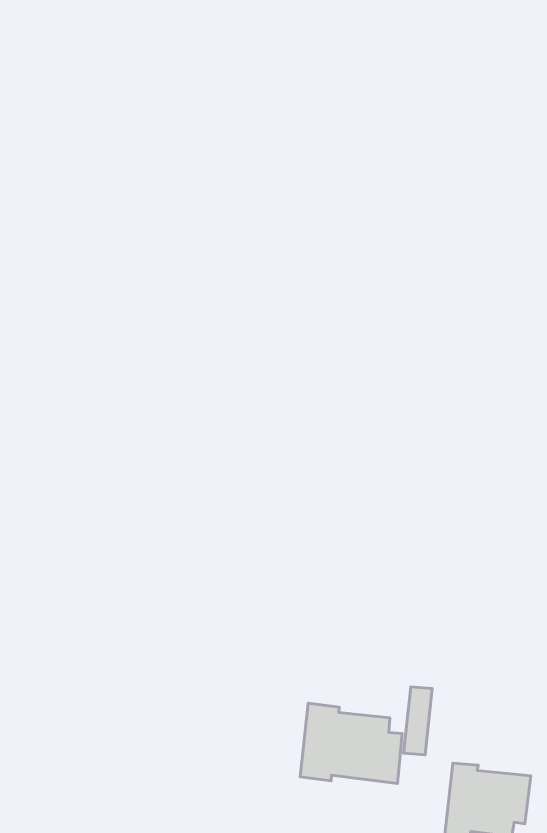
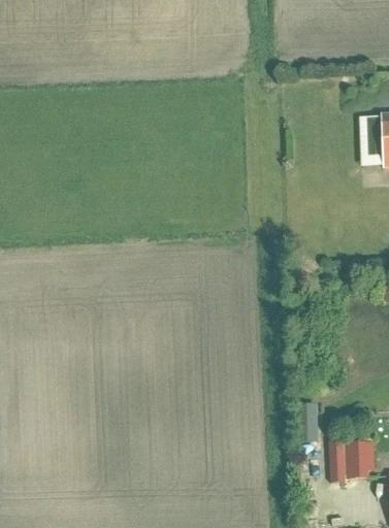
building: [300,703,402,783] -> none

